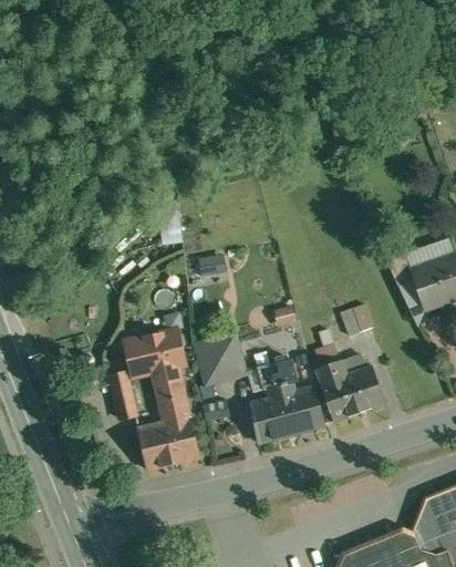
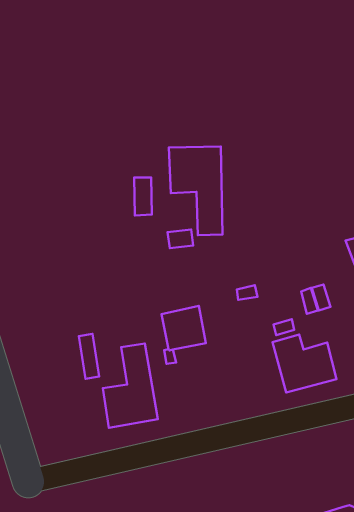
building: none -> [169,146,222,235]
building: [125,331,184,384] -> none
building: [251,359,323,440] -> none

